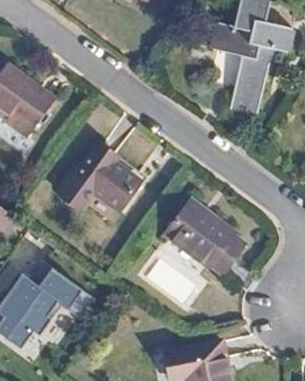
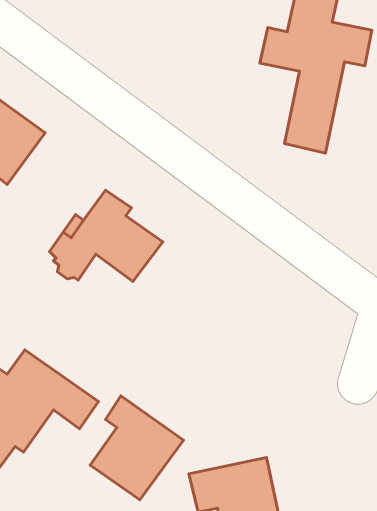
building: [165,200,245,273] -> none
building: none -> [90,396,184,500]

